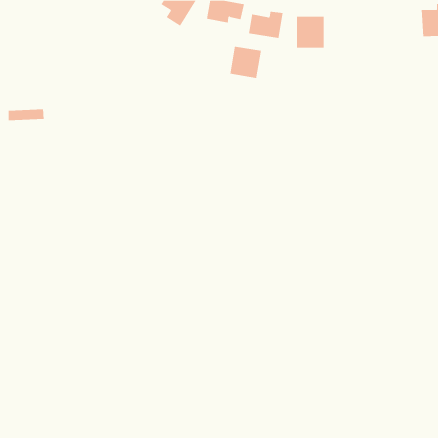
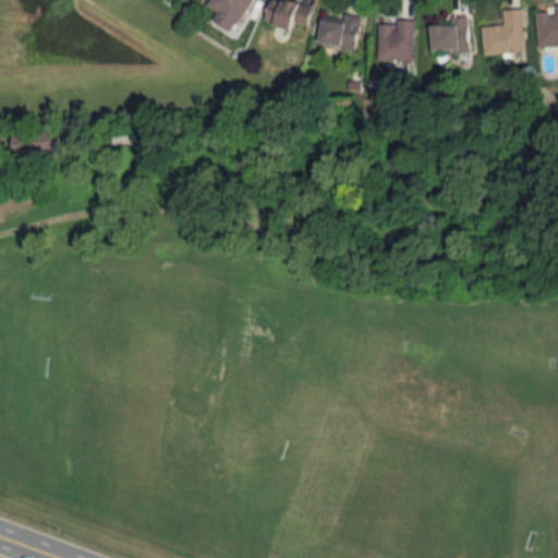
building: none -> [482,9,524,53]
building: none -> [429,21,469,52]
building: [230,46,261,79] -> none

